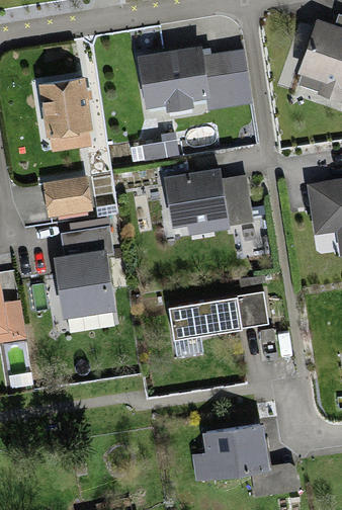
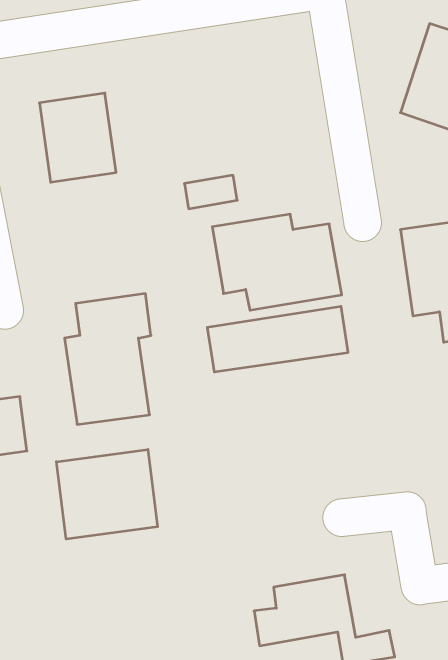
building: [134,44,240,121] -> none
building: [47,174,97,214] -> none
building: [165,291,267,339] -> [207,306,348,372]
building: none -> [56,449,158,539]

